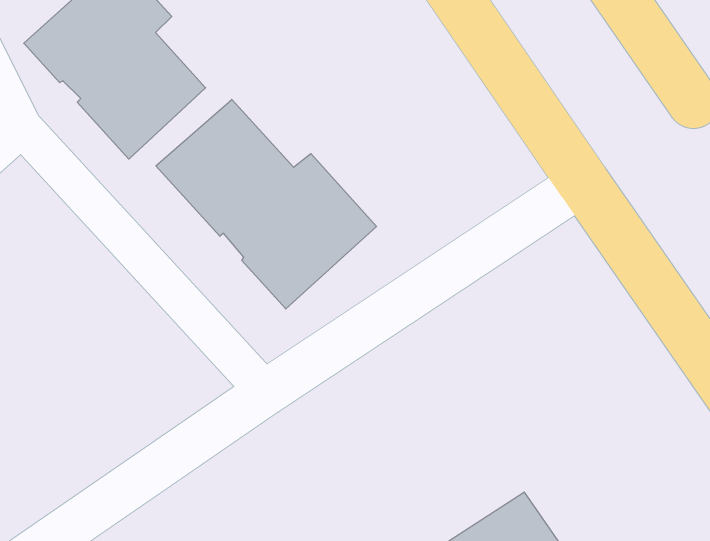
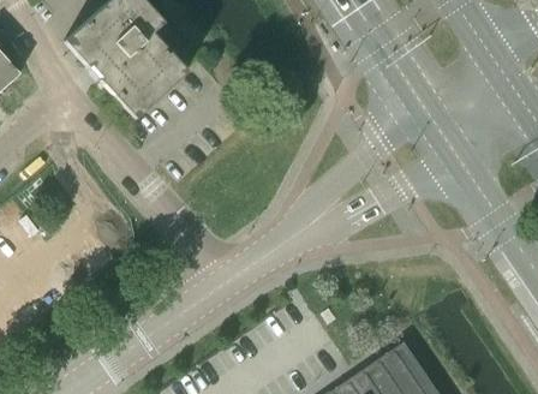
building: [156,99,377,309] -> none

